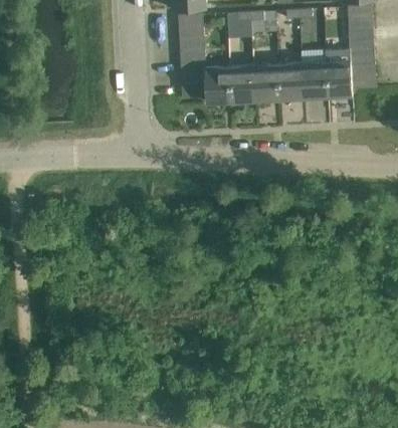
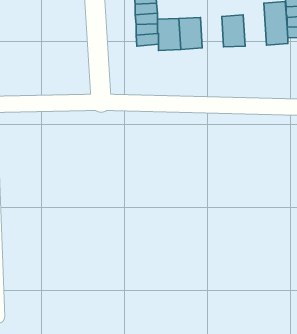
building: [302,61,328,97] -> none
building: [253,64,279,99] -> none

